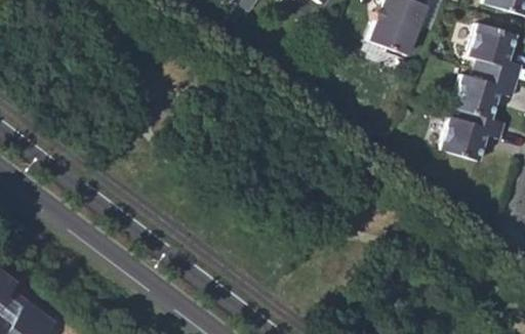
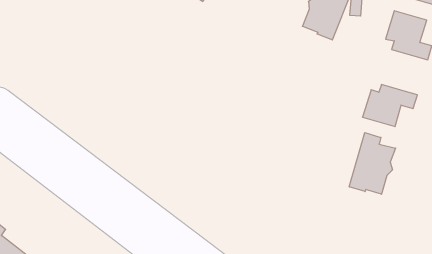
building: [452,68,518,118] -> none
building: none -> [349,133,396,194]

